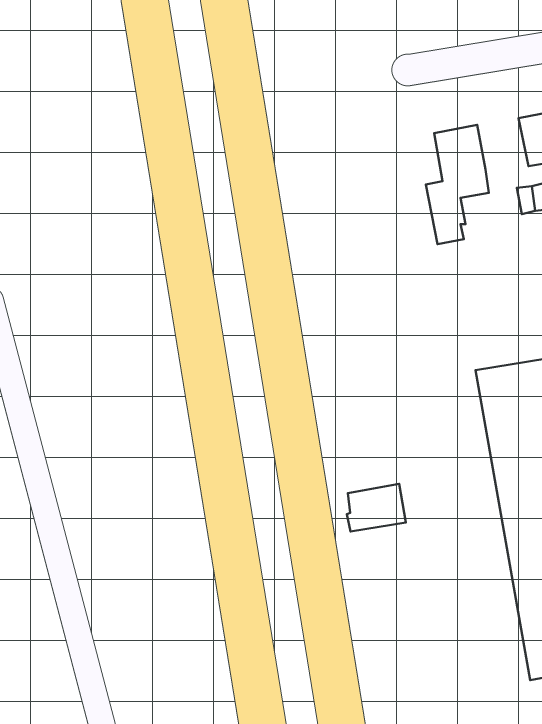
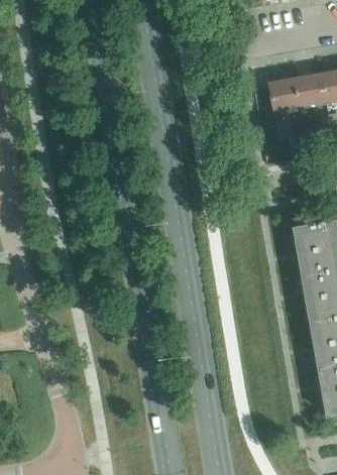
building: none -> [295,74,326,105]
building: [347,484,406,532] -> none

